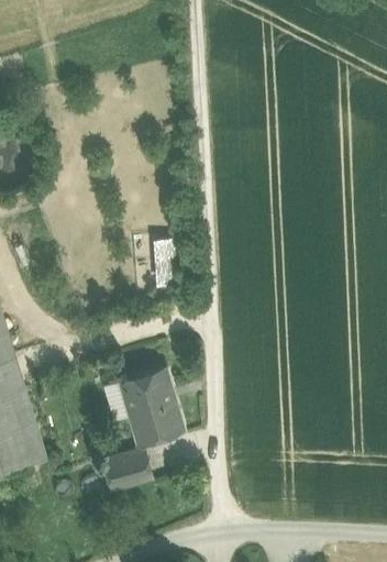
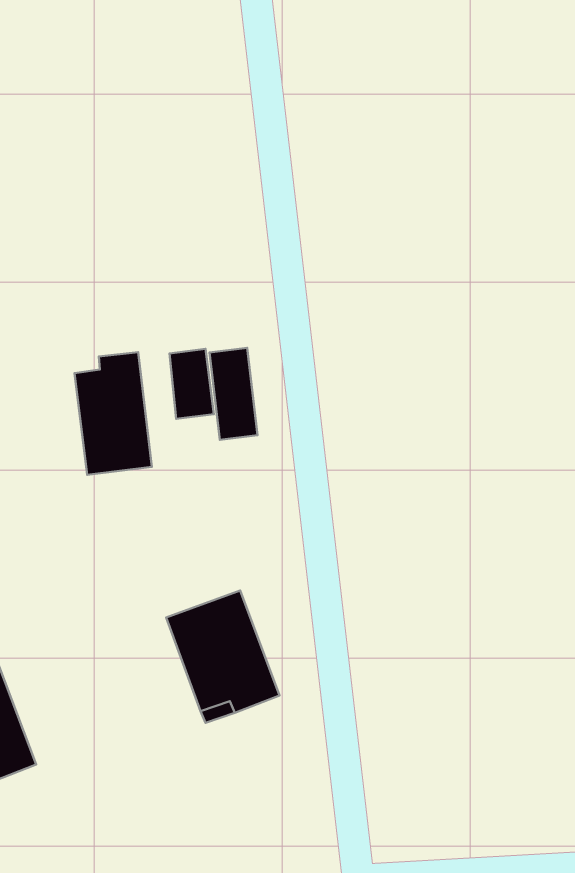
building: none -> [75,352,152,475]
building: [103,453,151,491] -> none

